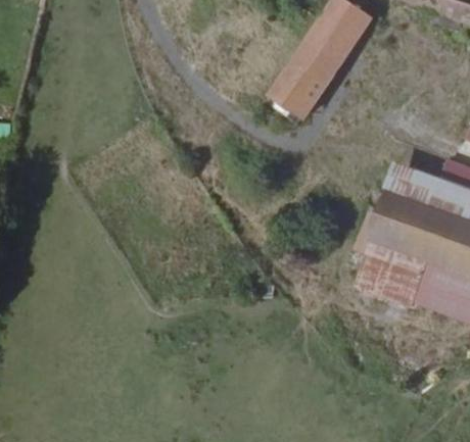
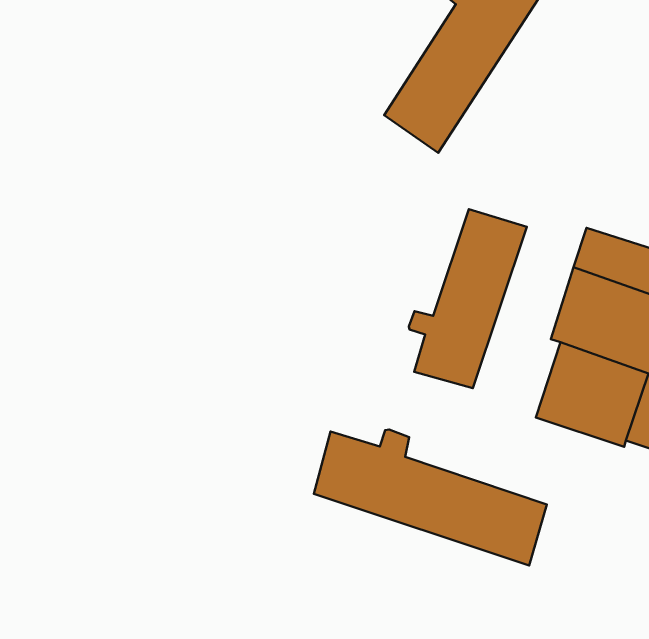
building: none -> [409,209,527,388]
building: none -> [314,430,547,566]

